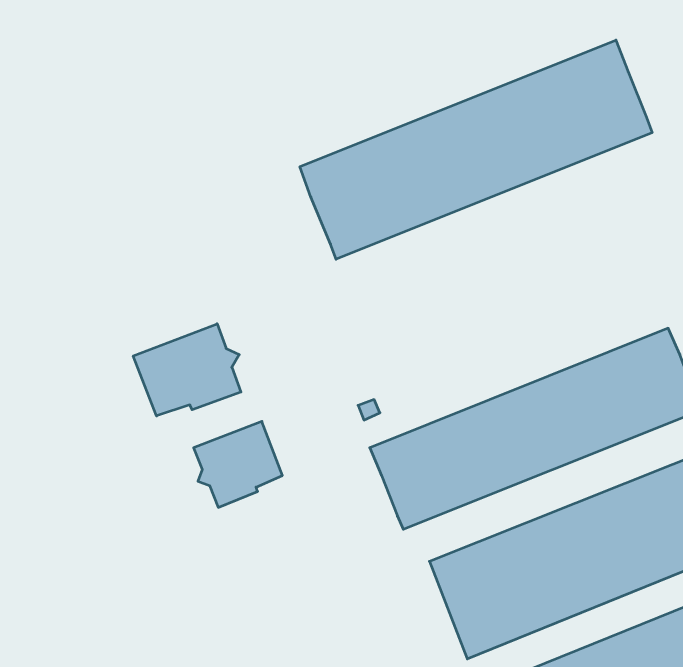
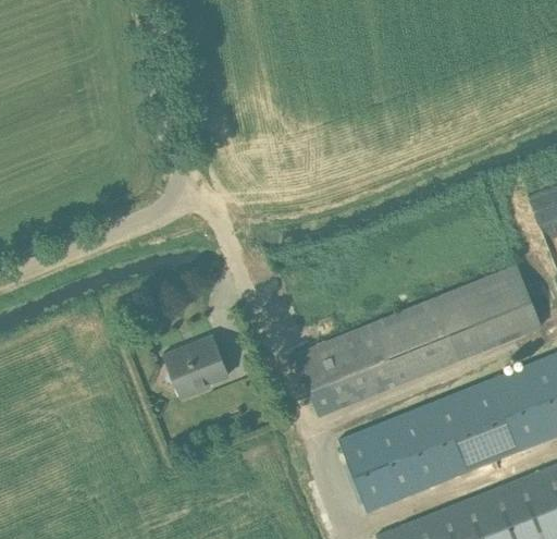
building: [300,40,652,259] -> none
building: [133,324,241,416] -> none

